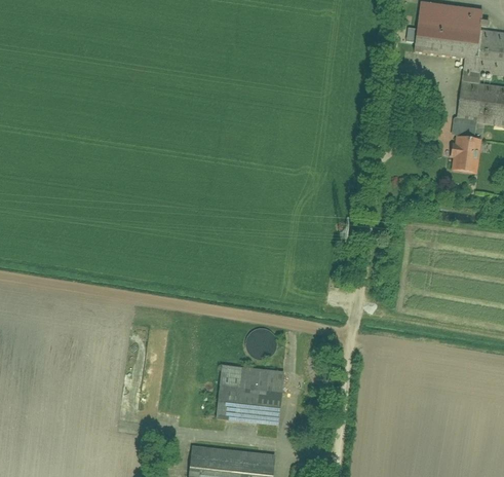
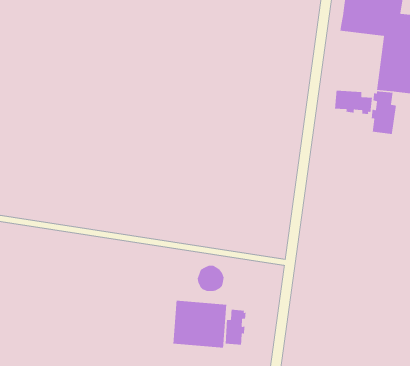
building: none -> [334,90,373,115]
building: none -> [225,309,247,345]

